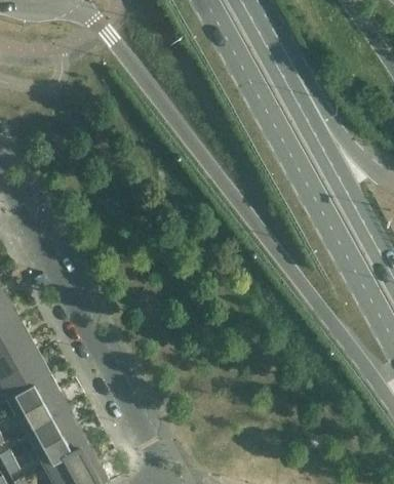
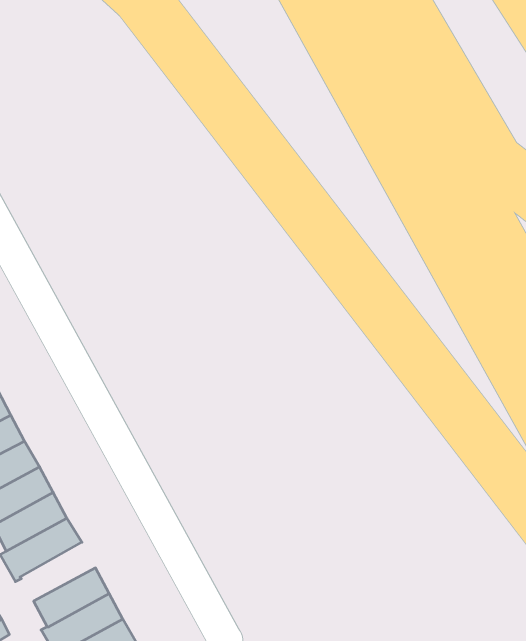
building: [27,408,78,448] -> none

